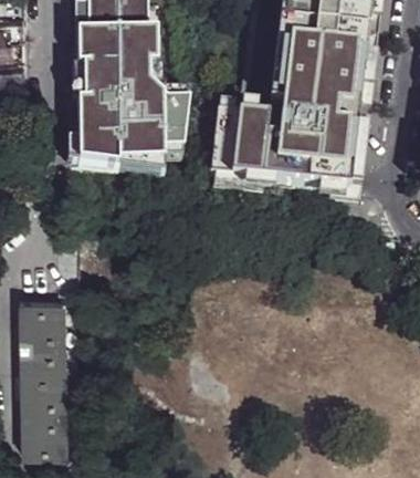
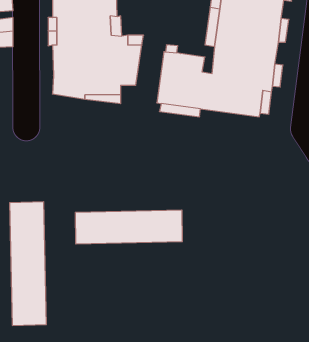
building: none -> [75,210,182,244]

